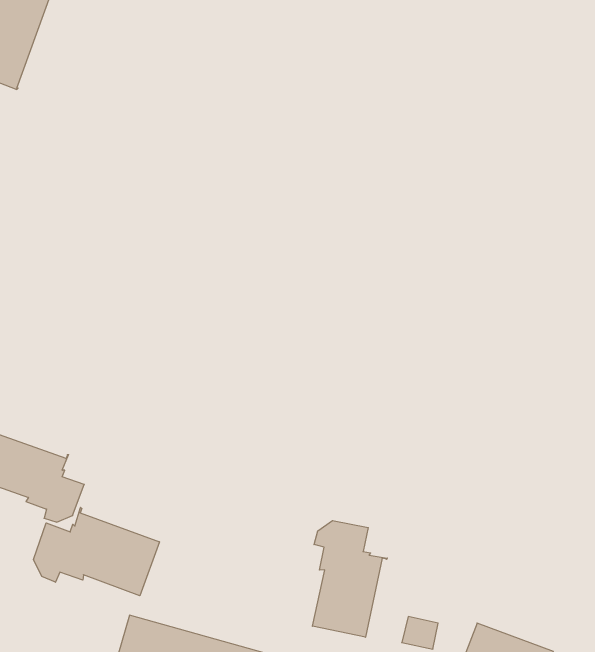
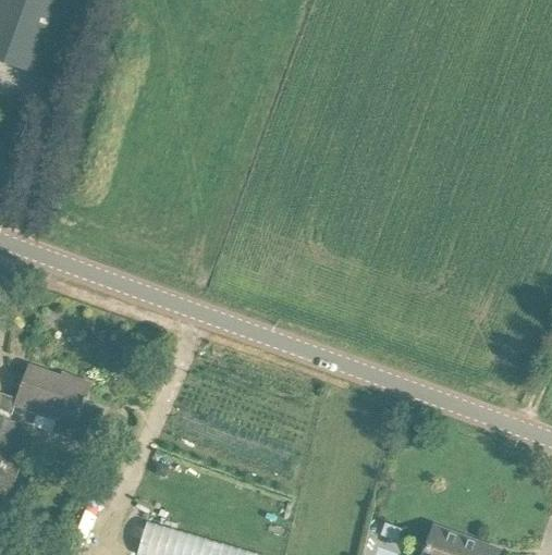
building: [34,507,159,596] -> none
building: [312,521,387,637] -> none

